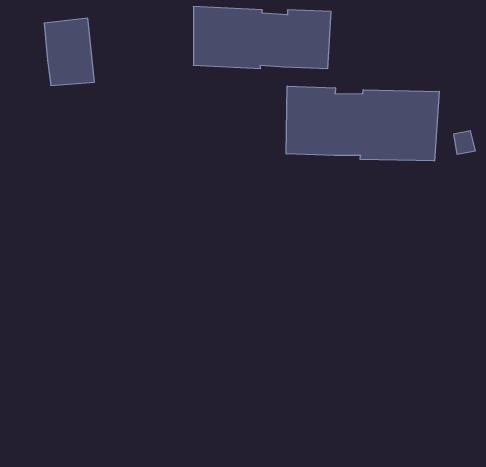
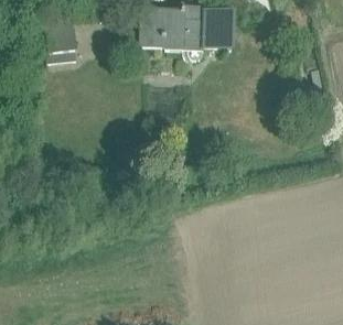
building: [286,86,439,161] -> none

